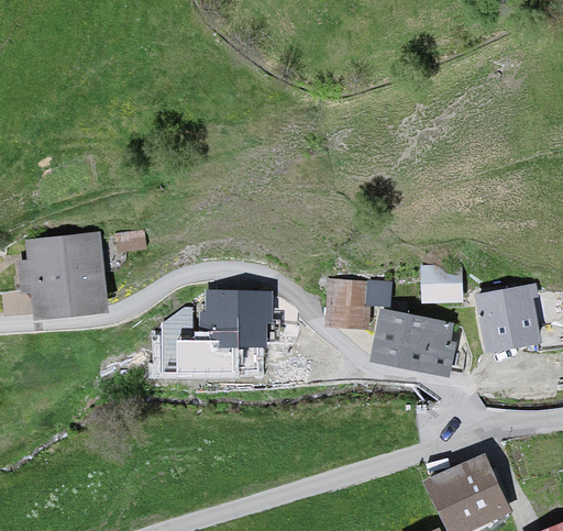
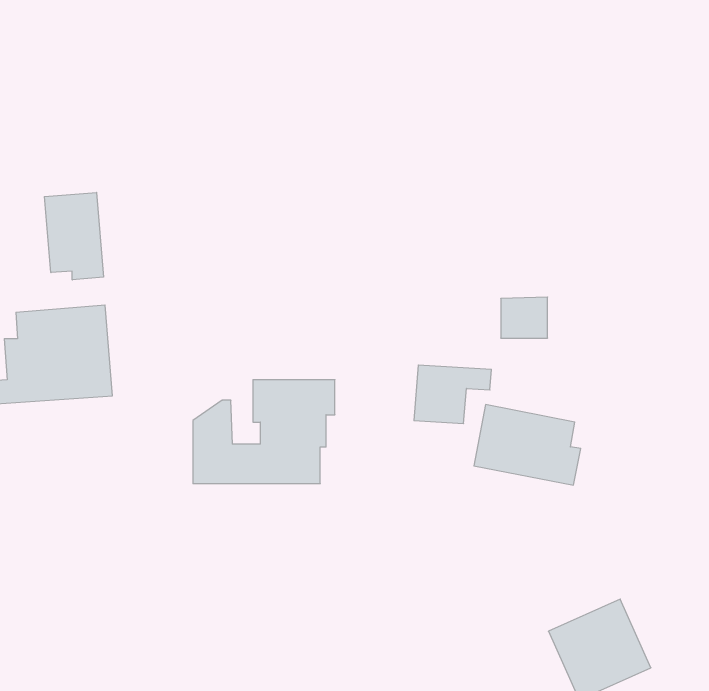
building: none -> [44,192,103,280]
building: [424,267,460,298] -> [501,297,548,338]
building: [477,284,545,351] -> none

